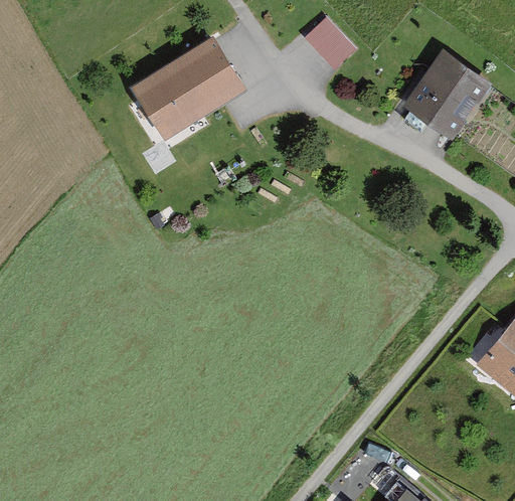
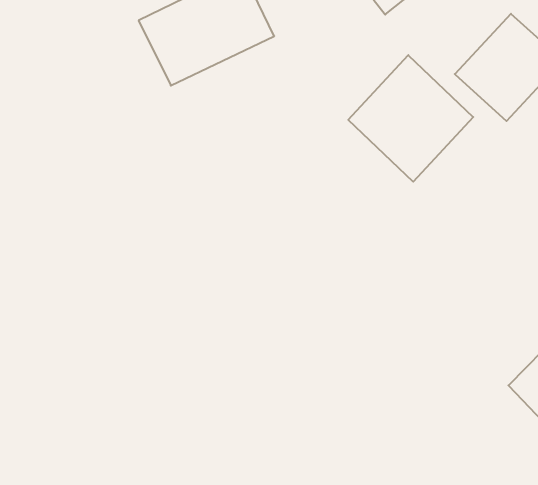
building: none -> [348,55,473,182]

